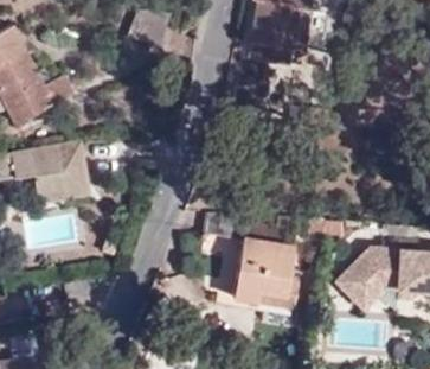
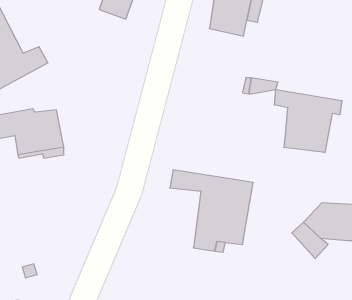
building: none -> [274,90,342,153]

